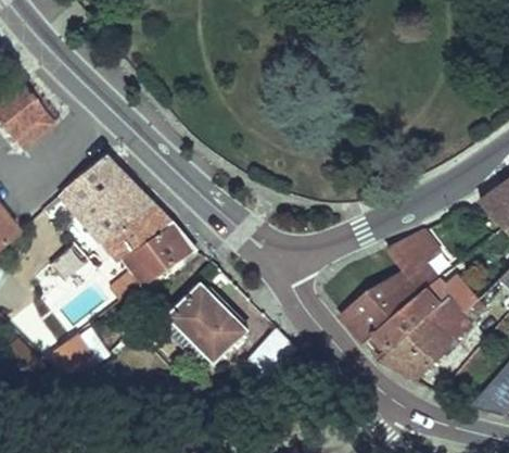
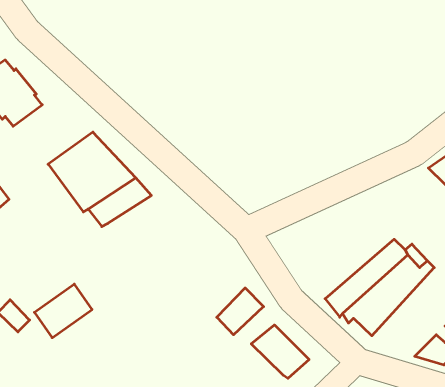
building: [346,225,449,341] -> none
building: [124,226,195,285] -> none
building: [167,286,246,364] -> none
building: none -> [251,325,309,378]

